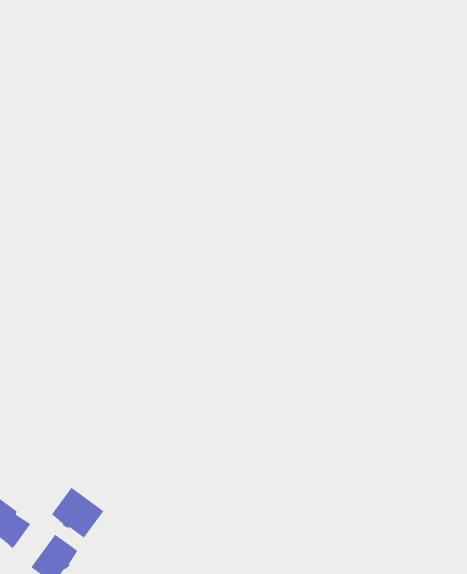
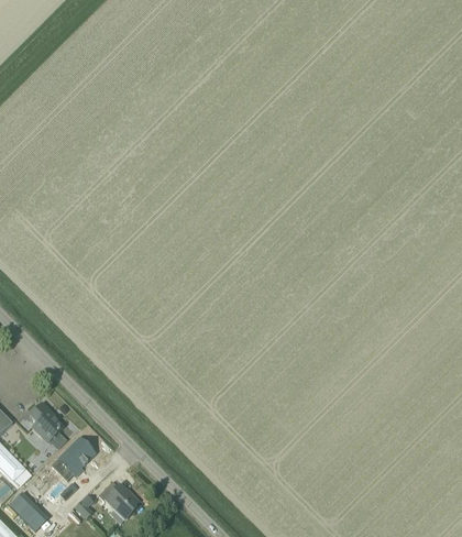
building: [51,487,104,539] -> none

